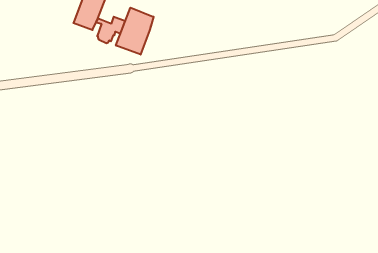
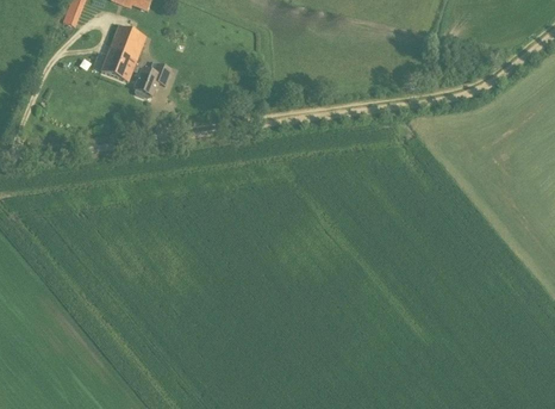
building: [116,8,154,55] -> none

